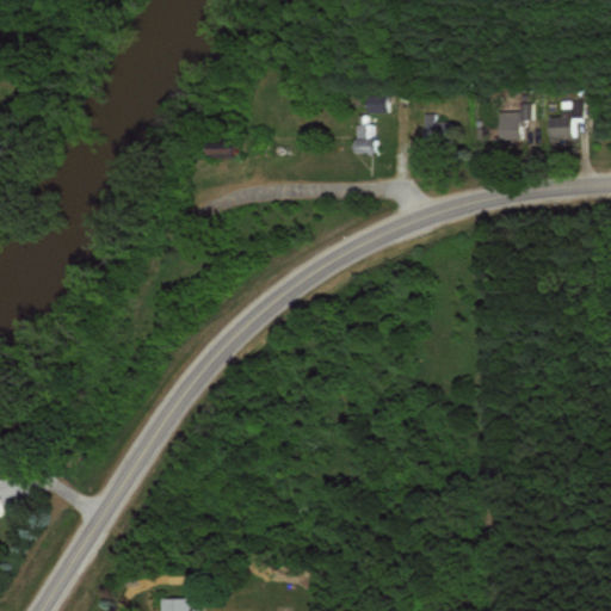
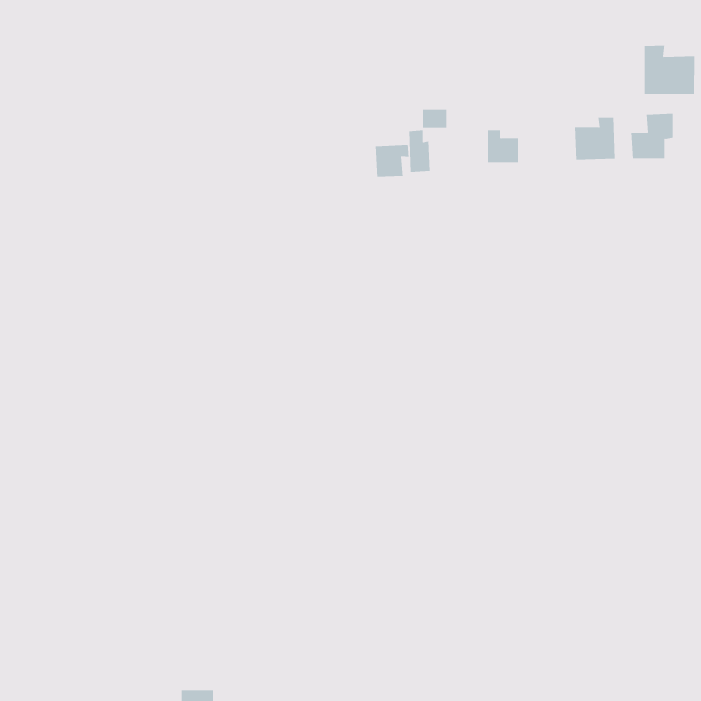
building: none -> [644,45,695,95]
building: none -> [375,144,409,178]

